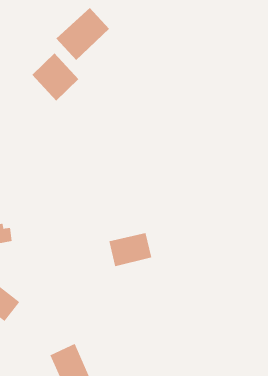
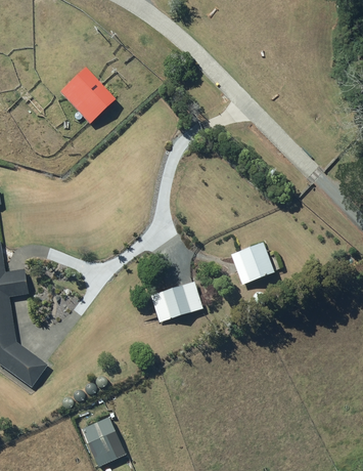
building: [56,7,110,61] -> none
building: none -> [229,243,275,287]

